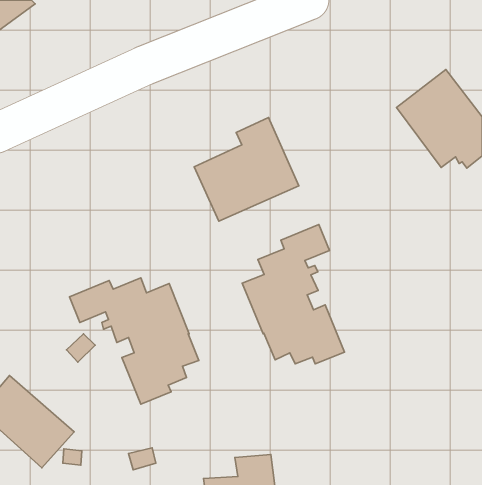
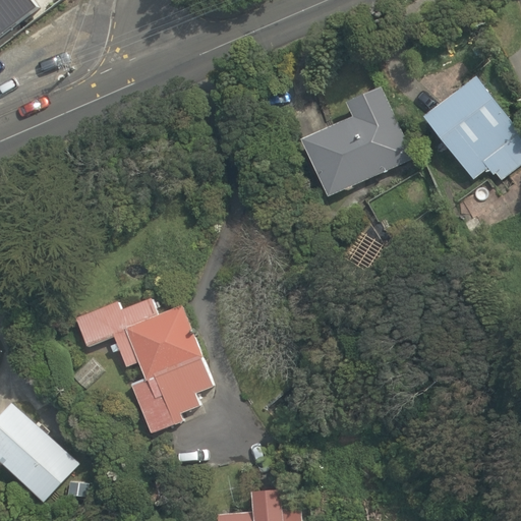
building: [194,117,299,221] -> [301,85,413,196]
building: [242,225,344,364] -> none

